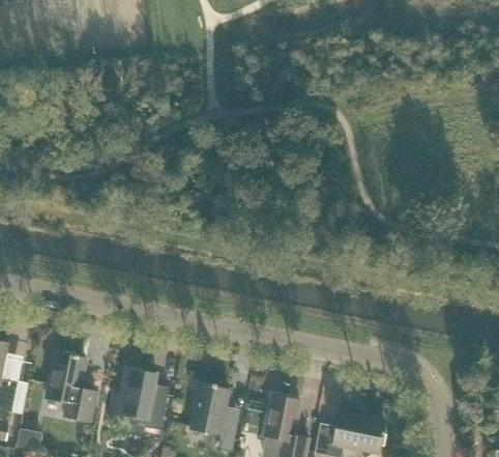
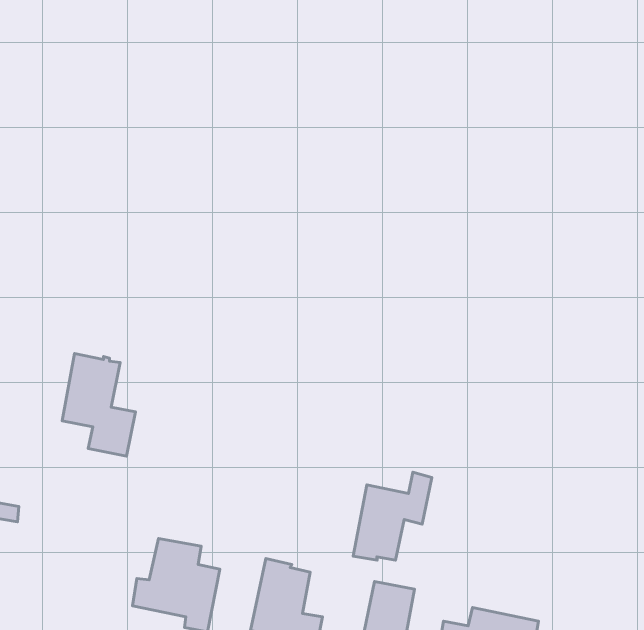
building: none -> [353,472,432,560]
building: [47,352,96,422] -> [62,353,136,456]

